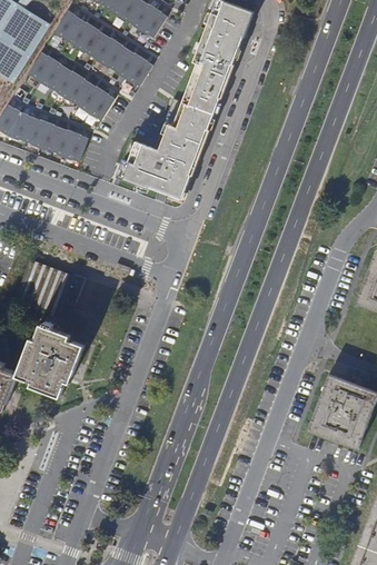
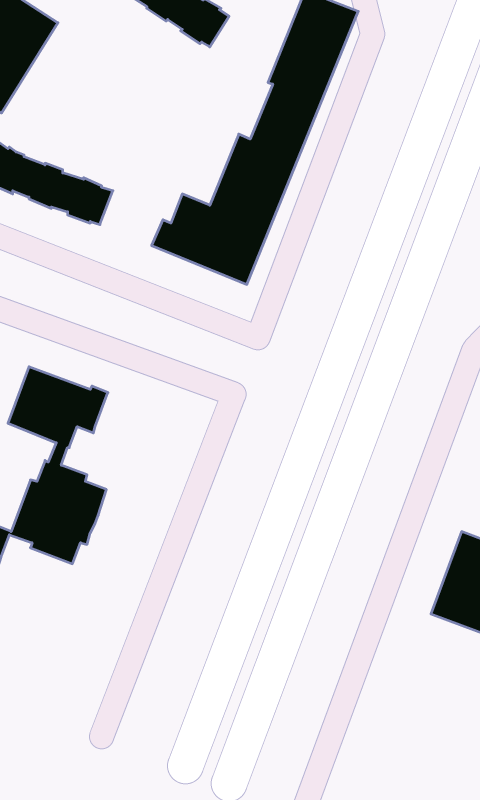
building: [54,11,153,87] -> none
building: [29,52,115,120] -> none

